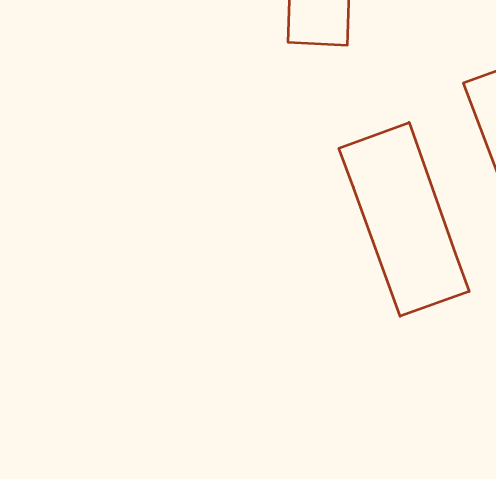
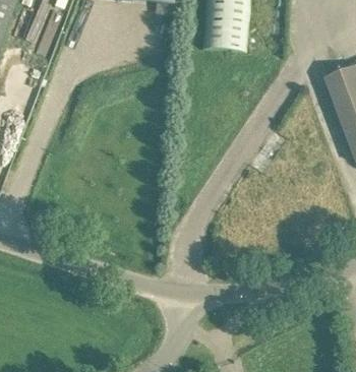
building: [339,122,469,316] -> none

